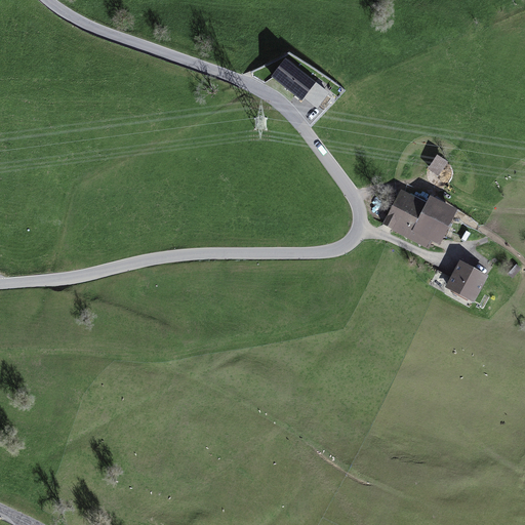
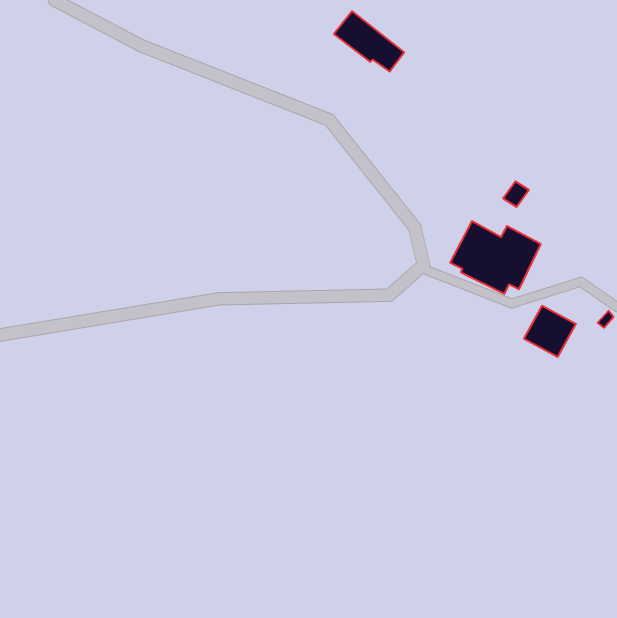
building: [270,56,329,108] -> [334,11,404,72]

